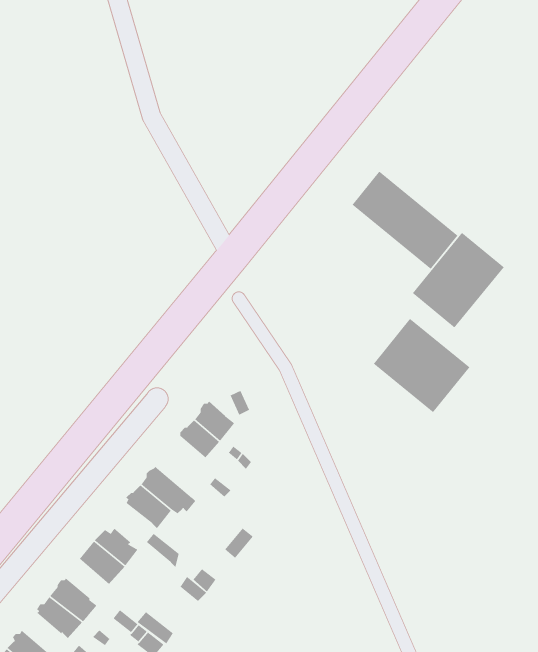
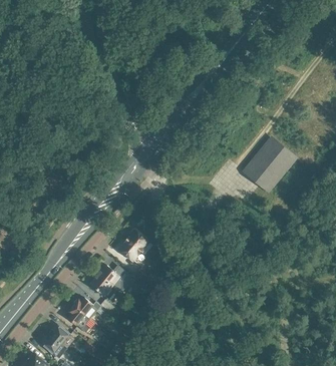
building: [352,171,459,270] -> none
building: [373,318,471,413] -> none

